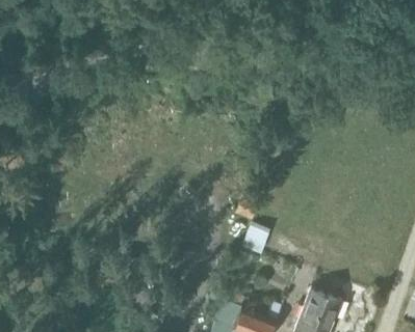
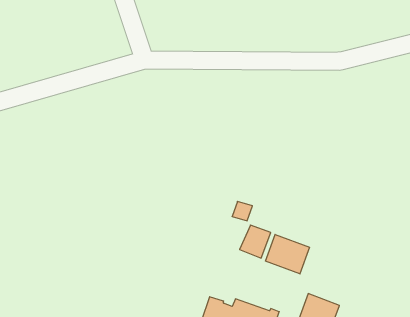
building: none -> [265,234,310,274]

